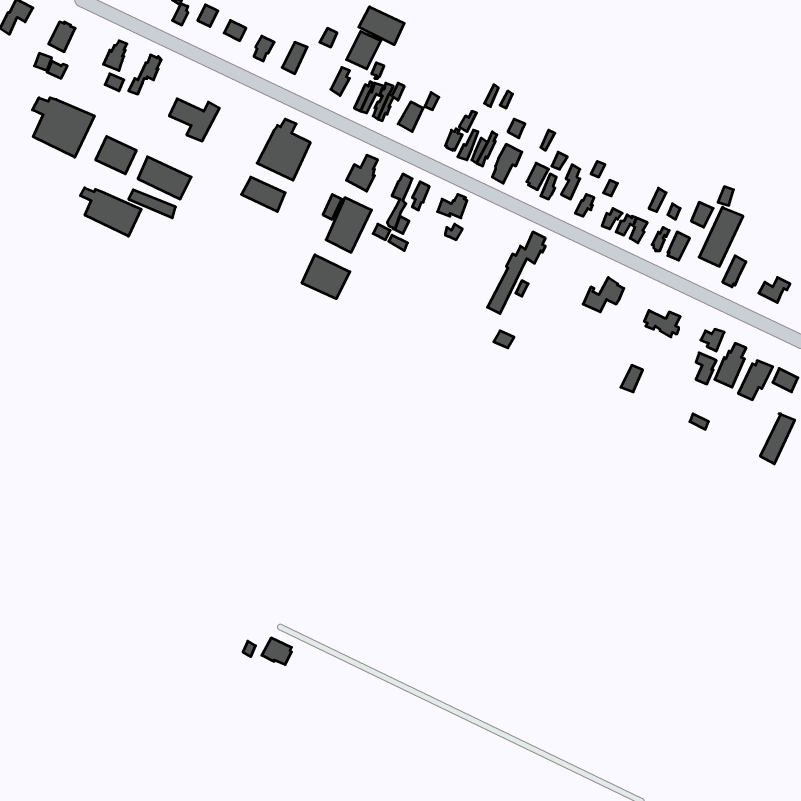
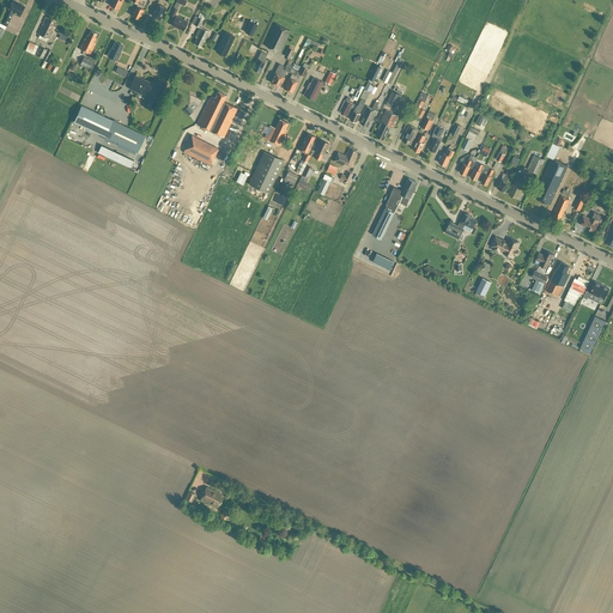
building: [359,7,404,45] -> none
building: [32,98,94,157] -> none
building: [80,188,141,236] -> none
building: [302,255,350,299] -> none

